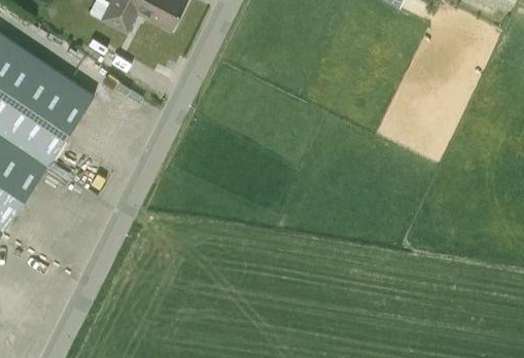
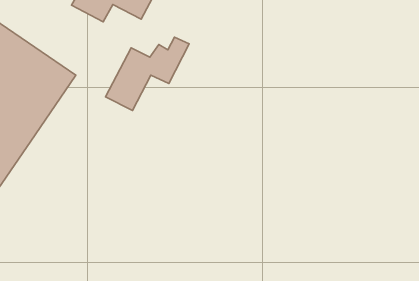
building: none -> [106,37,189,111]

